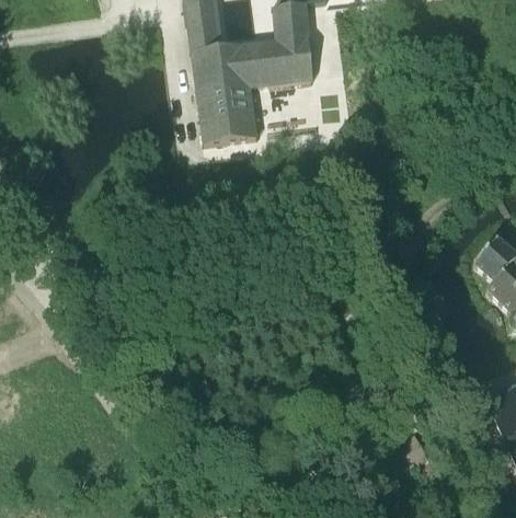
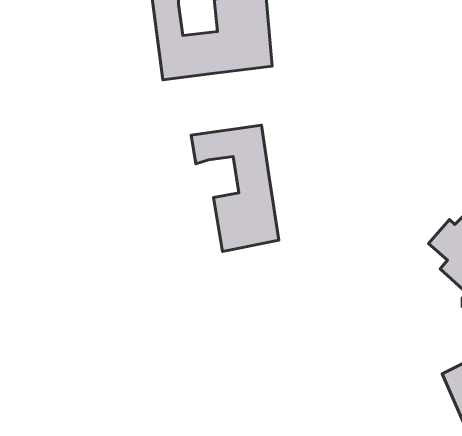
building: [198,88,257,145] -> none
building: none -> [191,125,279,251]

